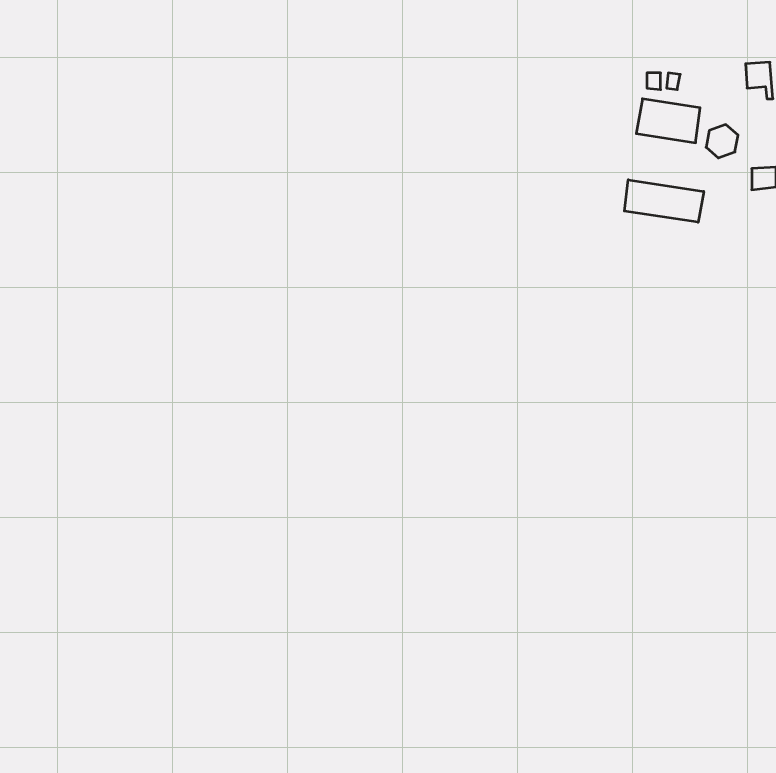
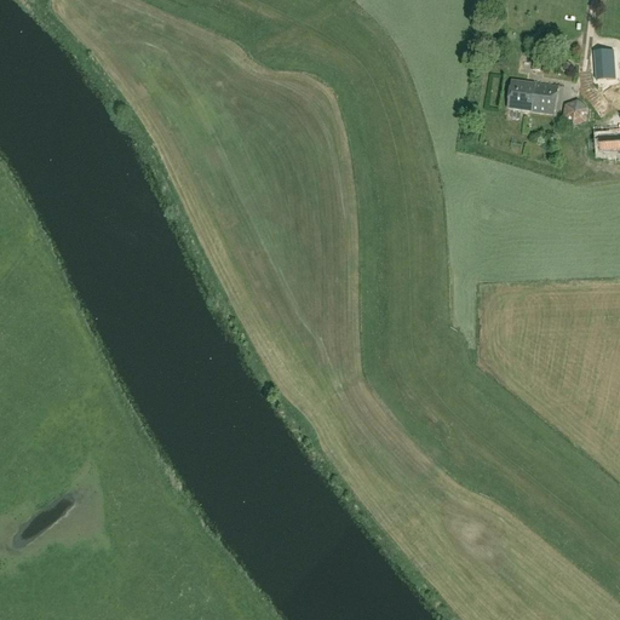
building: [624,180,704,222] -> none

